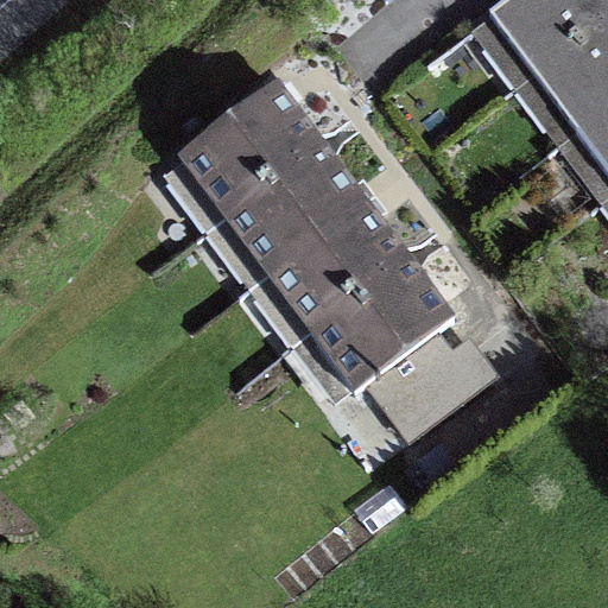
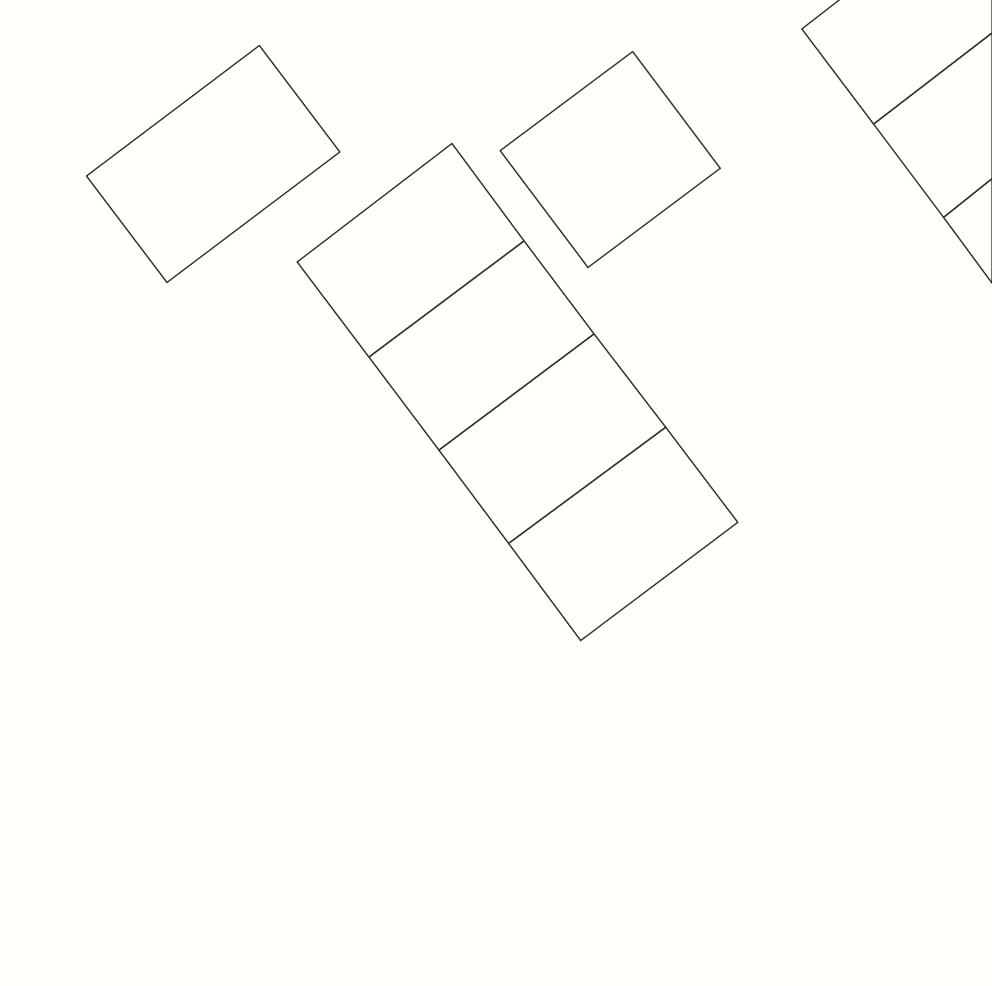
building: none -> [87,45,340,283]
building: none -> [500,52,720,268]
building: [367,343,494,437] -> none

